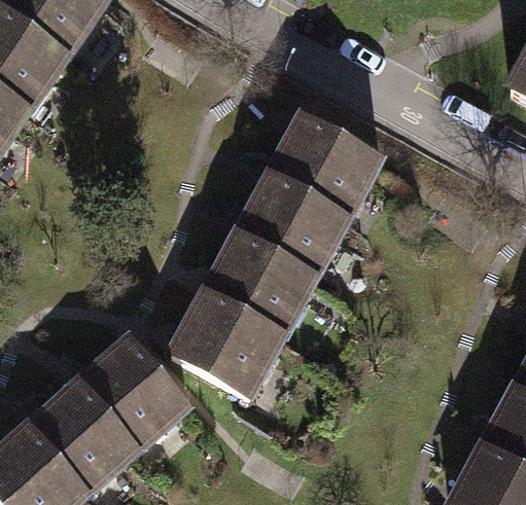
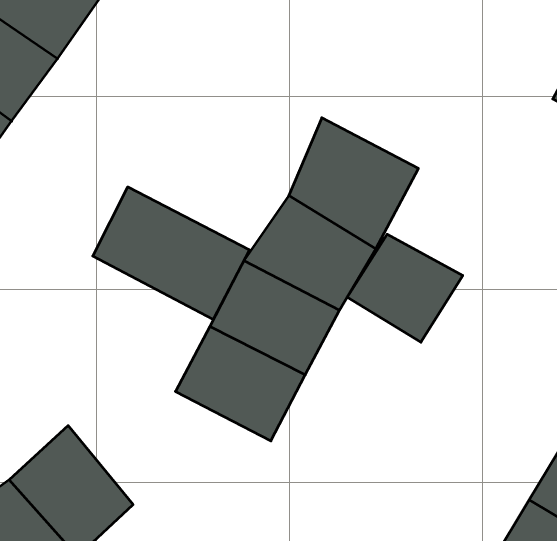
building: none -> [93,187,249,320]
building: none -> [347,234,463,342]
building: [77,334,190,449] -> none

